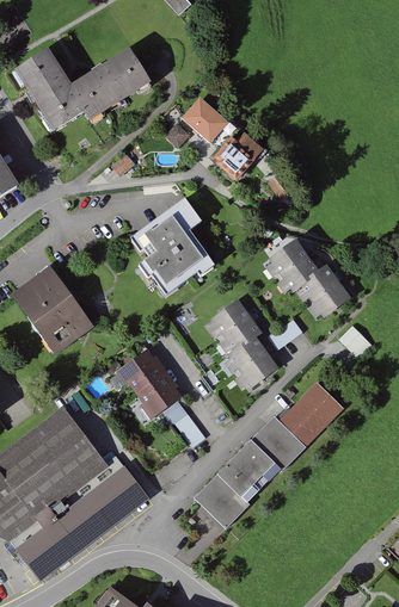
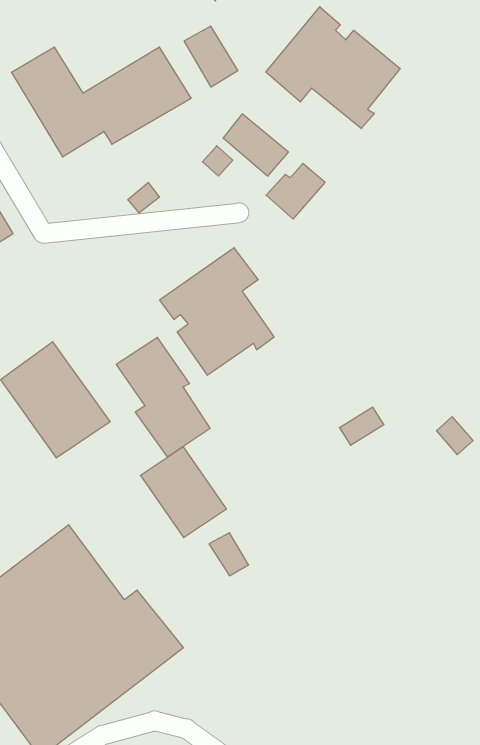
building: none -> [266,7,400,129]
building: none -> [184,26,238,87]
building: [265,237,351,318] -> none
building: [208,299,278,389] -> [116,337,210,457]
building: [192,382,342,526] -> none

